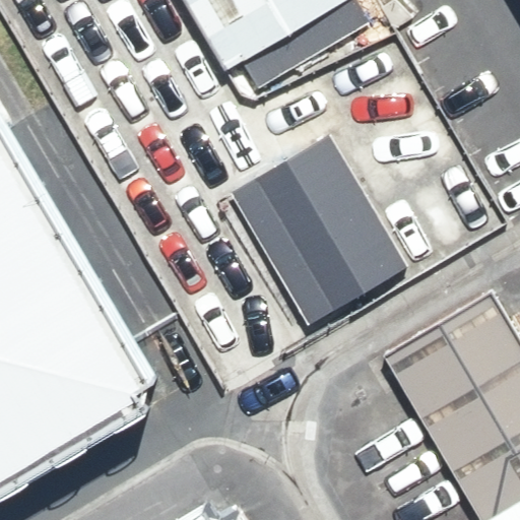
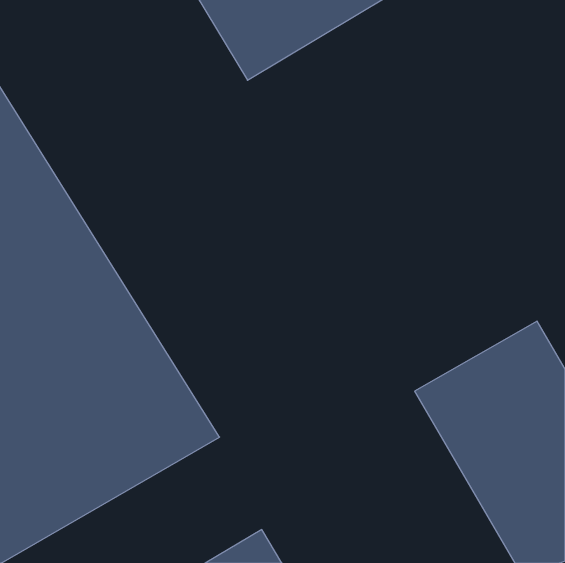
building: [222,132,411,333] -> none

